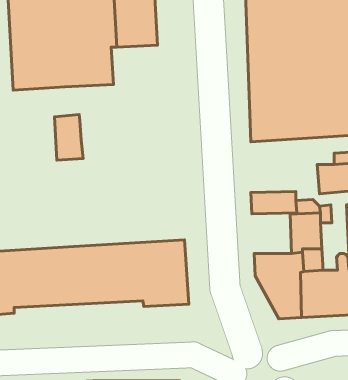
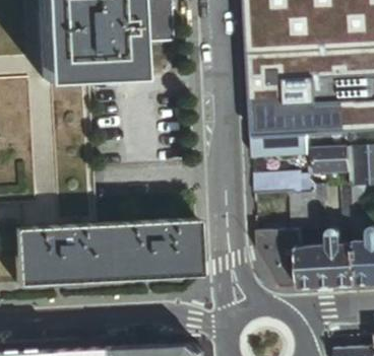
building: [55,114,83,160] -> none
building: none -> [254,135,310,158]

